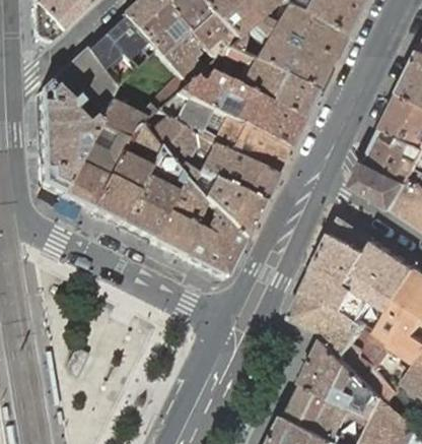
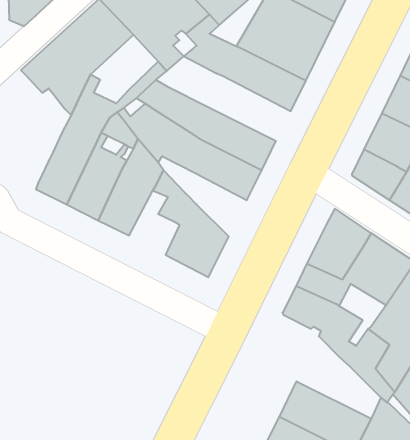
building: [175,67,303,147] -> none
building: [38,80,95,193] -> none
building: [178,162,262,238] -> none
building: [150,194,198,255] -> none
building: [349,282,394,323] -> none
building: [308,332,389,410] -> none

